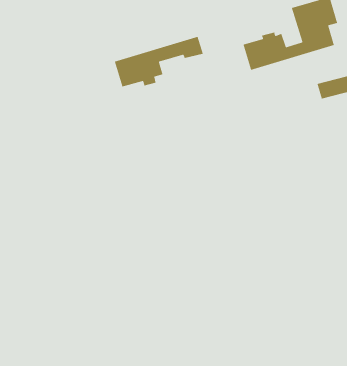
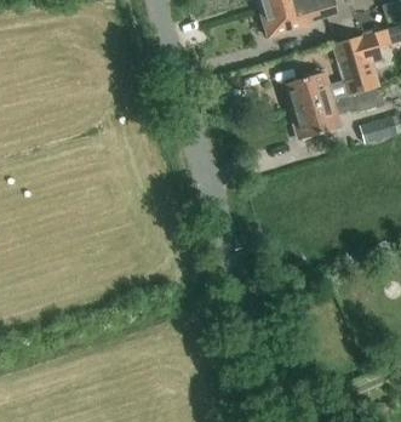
building: [114,36,204,88] -> [290,82,384,137]

